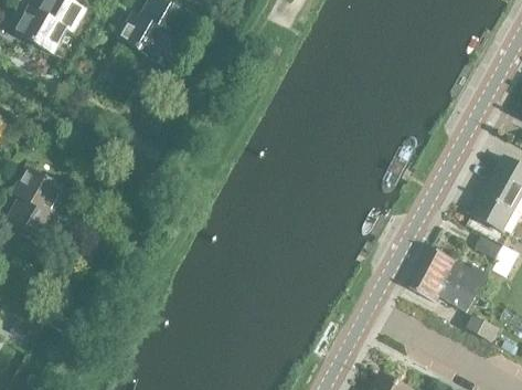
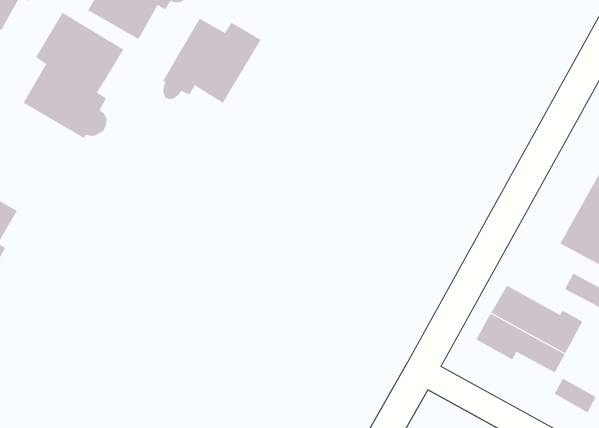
building: none -> [23,12,124,139]
building: none -> [162,18,261,104]

